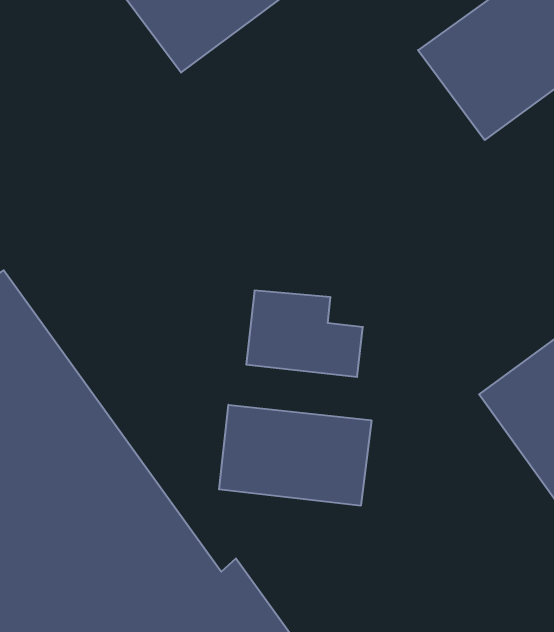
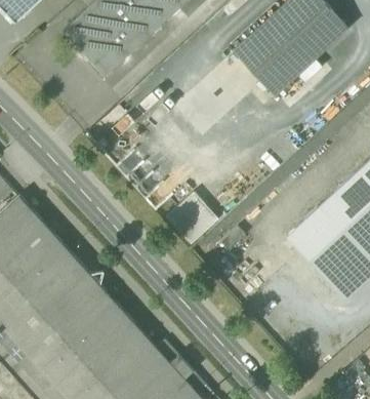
building: [219,405,371,506] -> none

